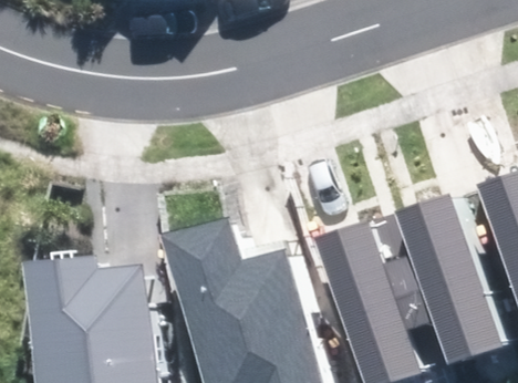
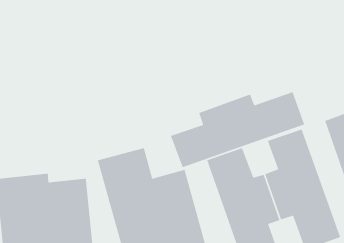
building: none -> [170,91,305,168]

